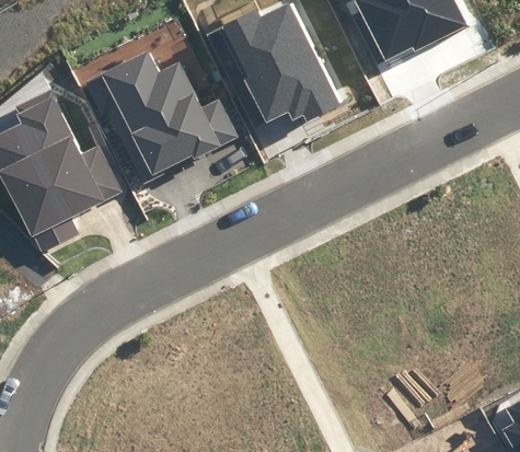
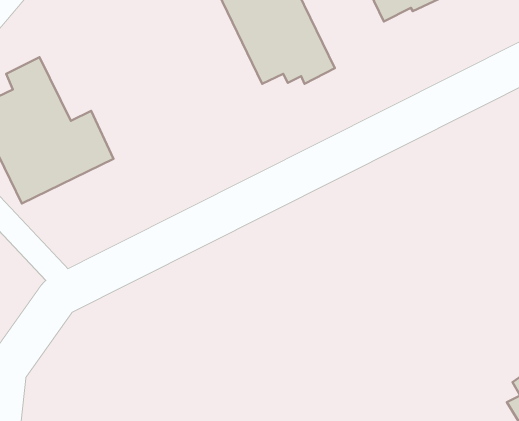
building: [103,51,236,175] -> none

